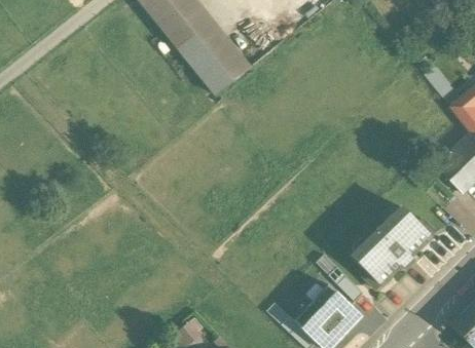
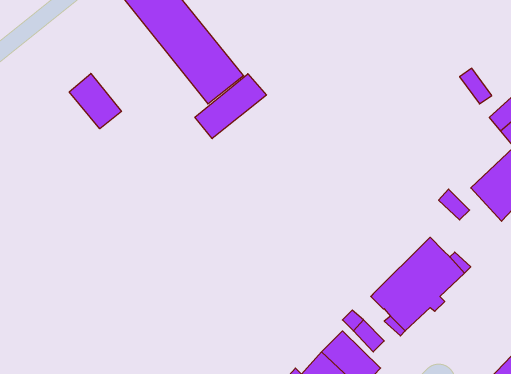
building: none -> [69,73,121,129]
building: none -> [195,74,266,139]

